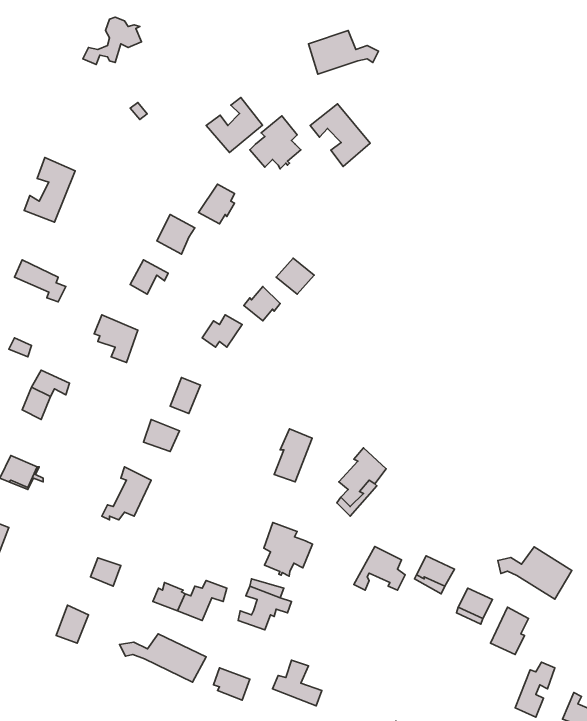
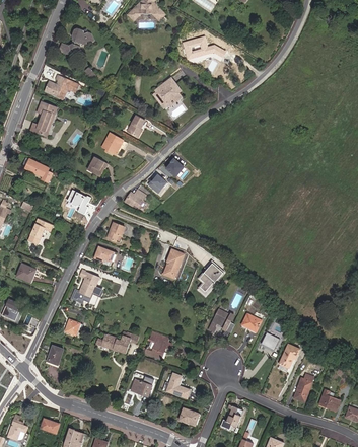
building: [206,98,263,153] -> none
building: [310,104,370,166] -> none
building: none -> [46,78,80,101]
building: [264,523,313,576] -> none
building: [498,547,572,599] -> none
building: [119,634,206,682] -> none

